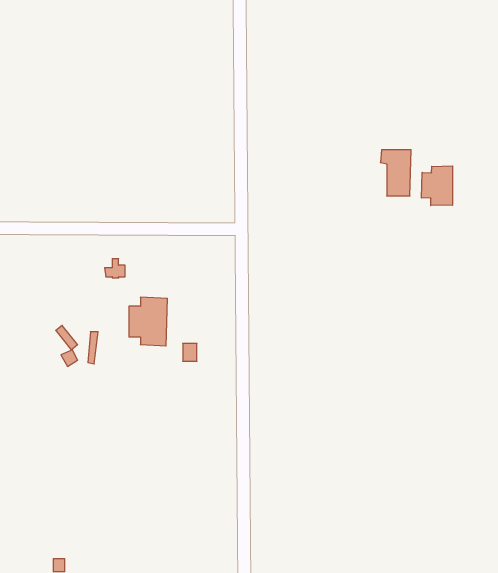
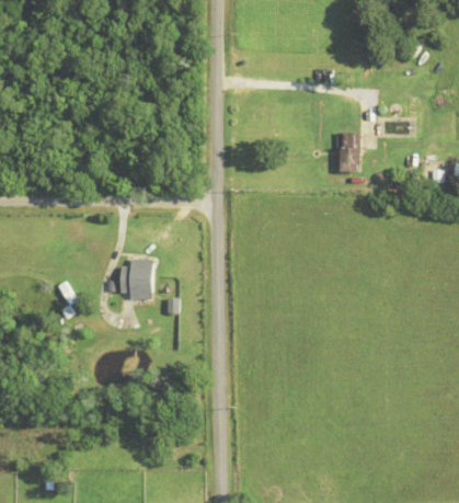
building: [422,166,452,206] -> none

